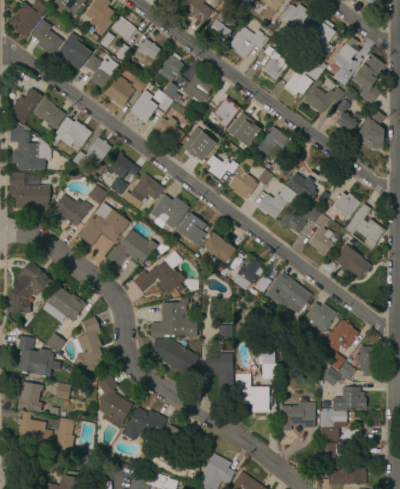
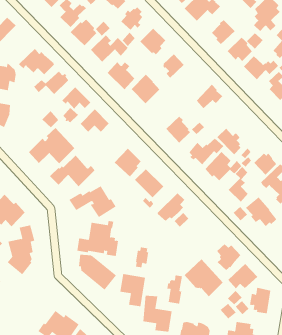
building: [33,96,66,129] -> none
building: [227,111,261,145] -> none
building: [206,155,238,178] -> none
building: [47,194,92,227] -> none
building: [151,194,189,232] -> none
building: [265,271,311,313] -> [184,258,224,297]
building: [98,375,133,427] -> none

